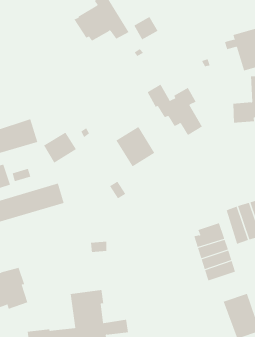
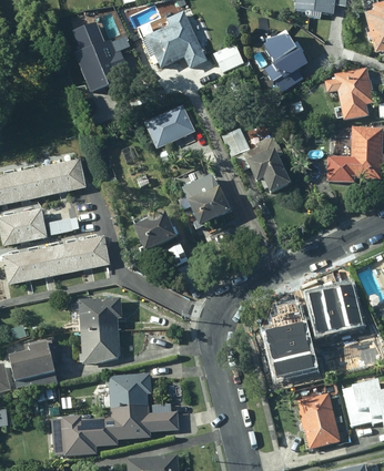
building: none -> [71,21,127,92]
building: none -> [261,37,305,91]
building: none -> [142,103,194,149]
building: [43,132,77,163] -> [132,214,173,252]
building: none -> [79,297,121,362]

